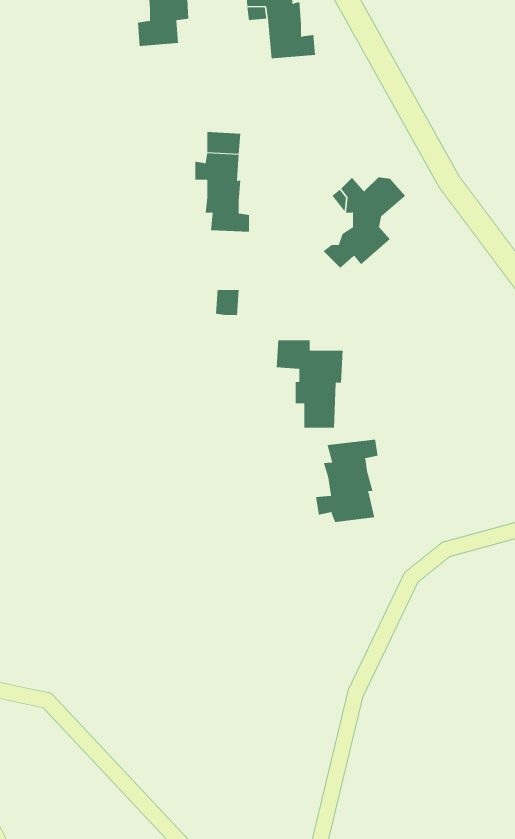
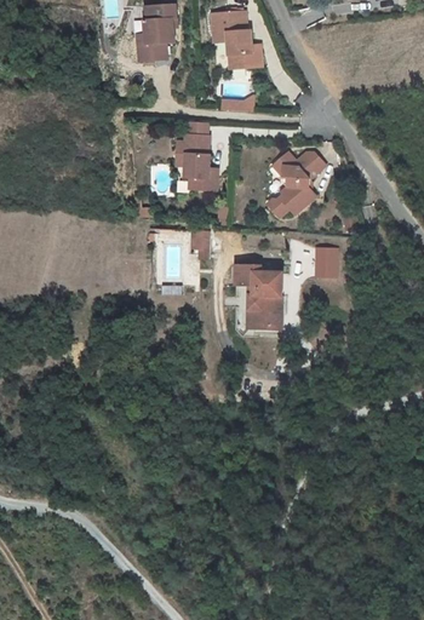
building: none -> [313,245,337,276]
building: [315,439,378,523] -> none

